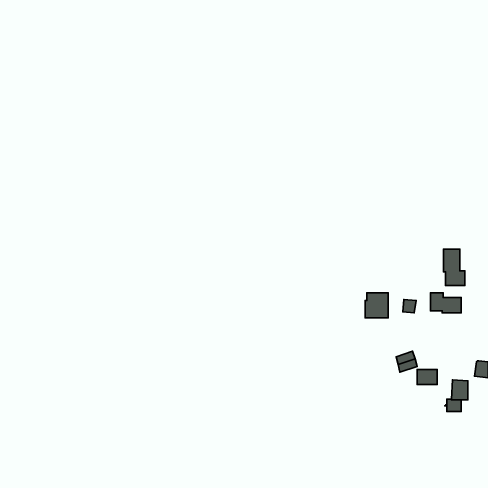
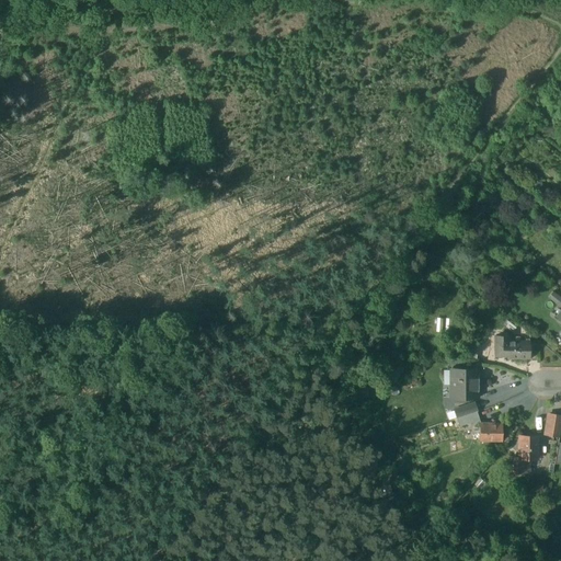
building: [443,249,465,286] -> none
building: [365,293,388,318] -> [450,369,477,398]

